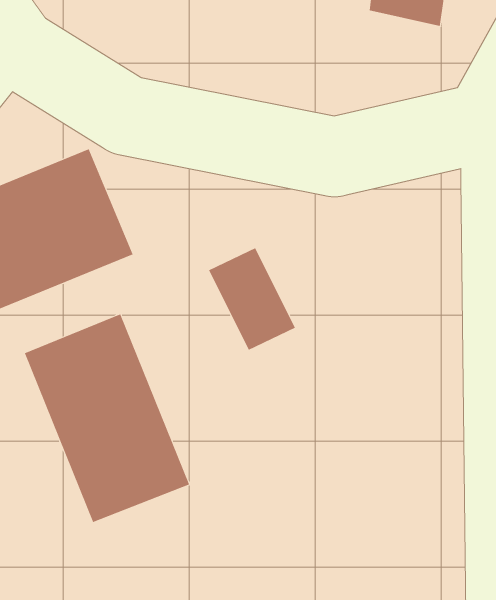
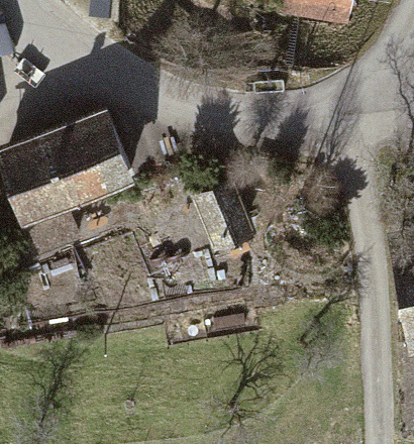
building: [24,314,190,523] -> none

